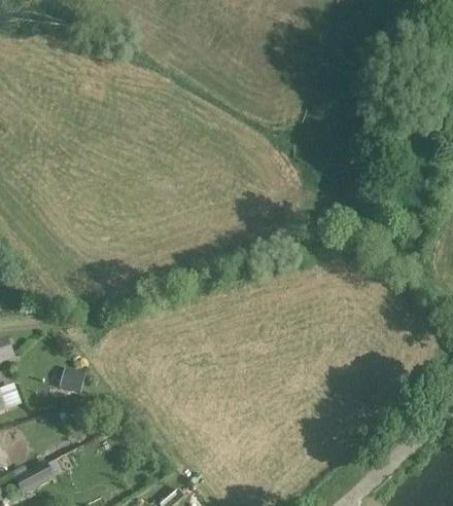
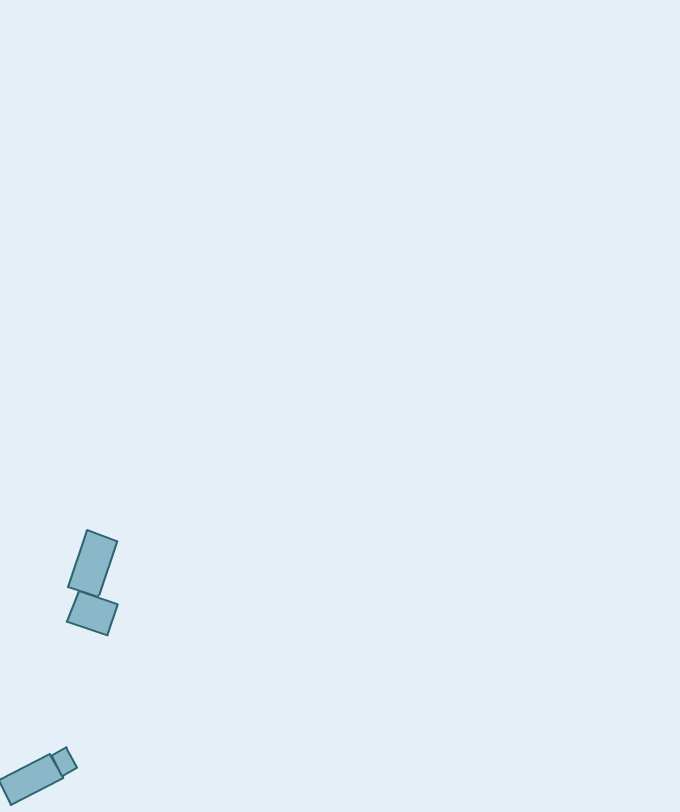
building: none -> [68,530,117,597]

